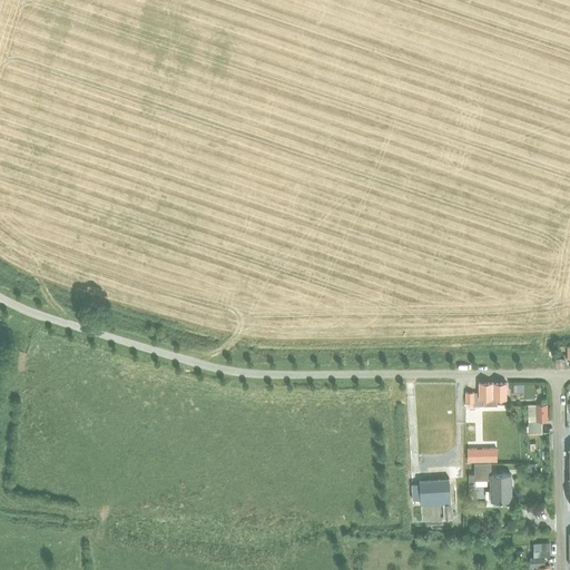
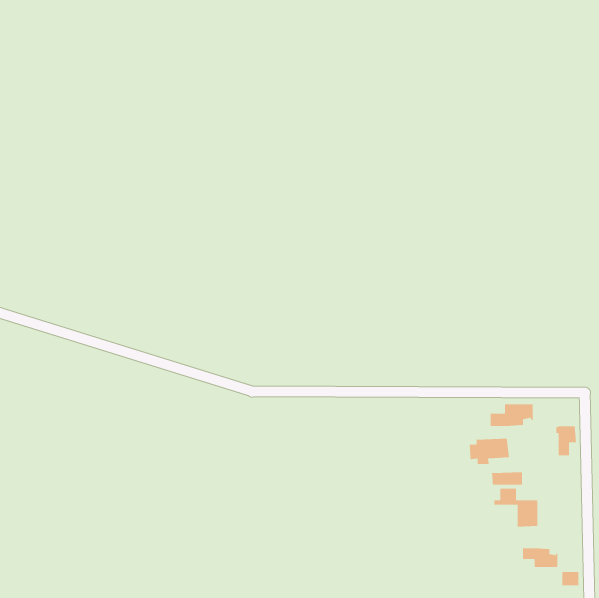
building: [412,480,451,505] -> [469,438,510,465]
building: none -> [522,548,558,568]

